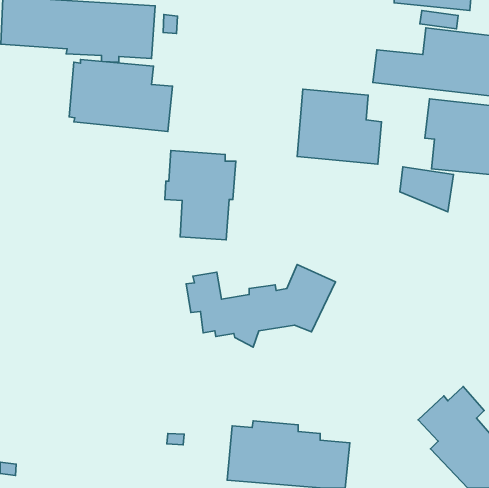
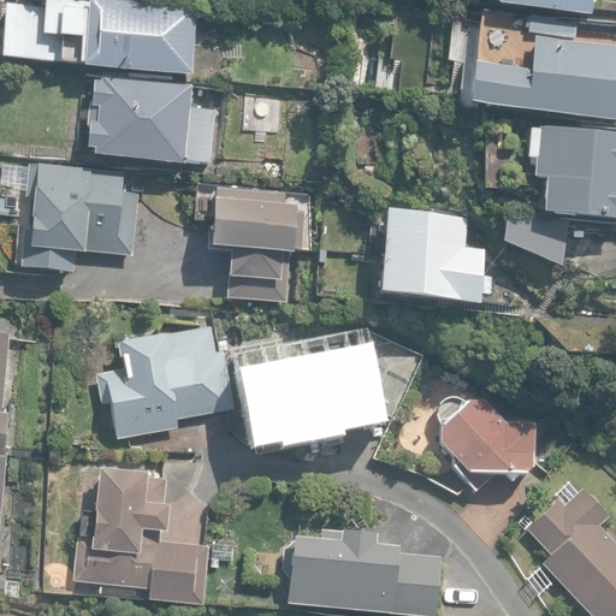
building: [297,89,382,164] -> [378,207,484,301]
building: none -> [22,162,138,271]
building: none -> [97,325,235,437]
building: none -> [440,401,535,491]
building: none -> [73,467,208,604]

